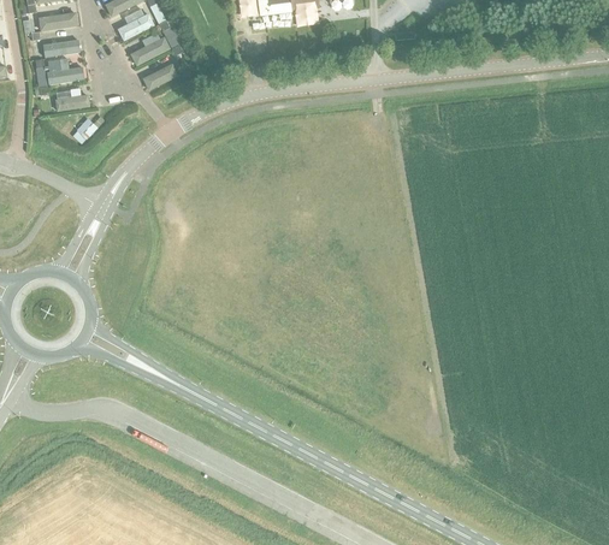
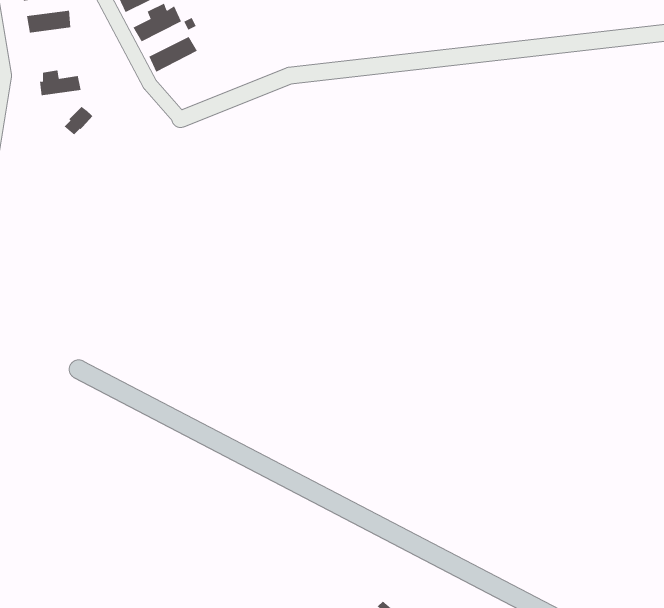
building: [43,57,82,84] -> none

